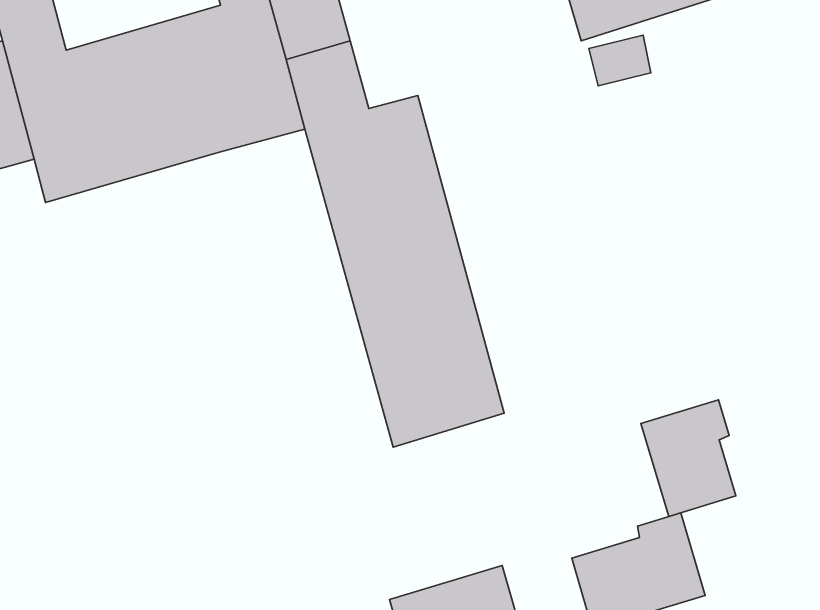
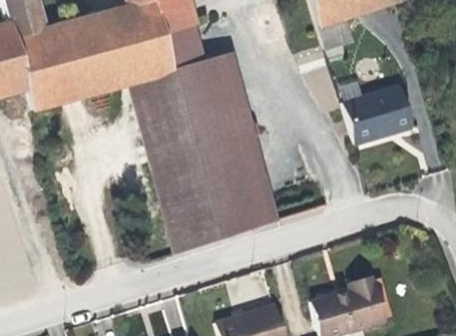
building: none -> [127,71,219,255]
building: none -> [343,84,414,143]
building: [641,400,736,517] -> none

